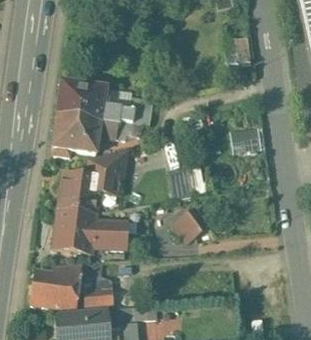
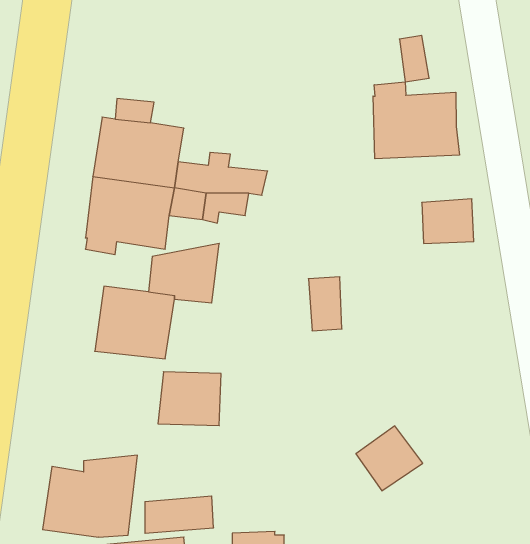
building: none -> [373,82,459,159]
building: [174,208,210,243] -> [356,426,423,491]
building: [53,209,97,253] -> none

